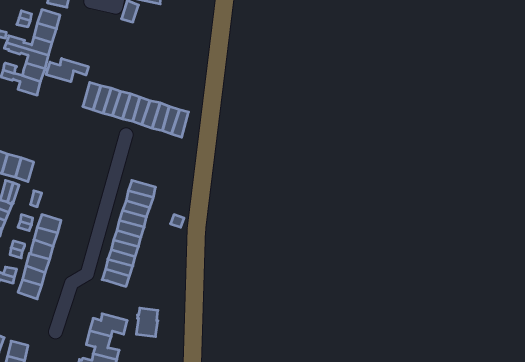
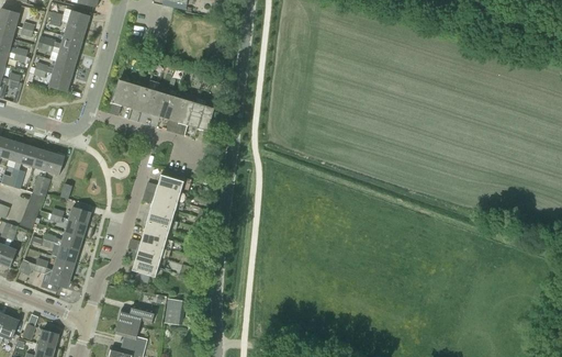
building: [46,58,88,82] -> none

